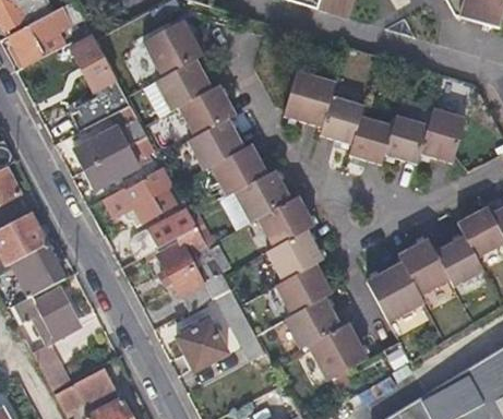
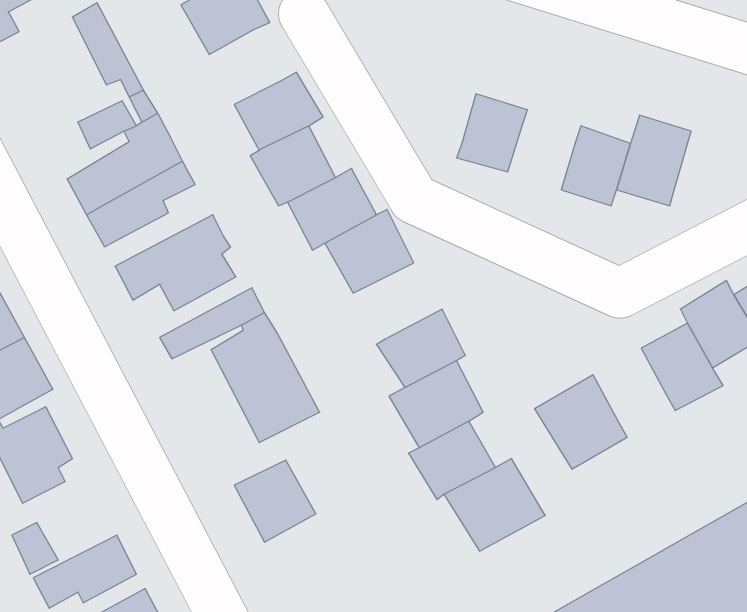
building: [157,57,206,105] -> none
building: [282,73,330,127] -> none
building: [343,116,387,163] -> none
building: [255,195,312,247] -> none
building: [394,244,443,297] -> none

